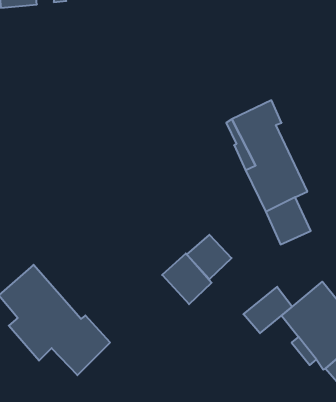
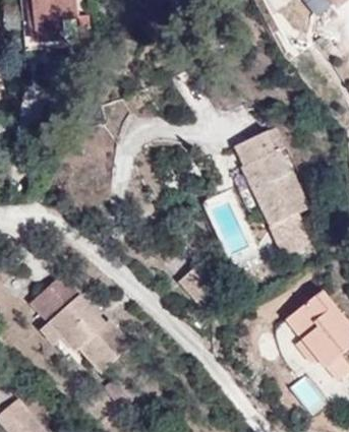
building: [187,235,232,279] -> none
building: [243,287,292,333] -> none

